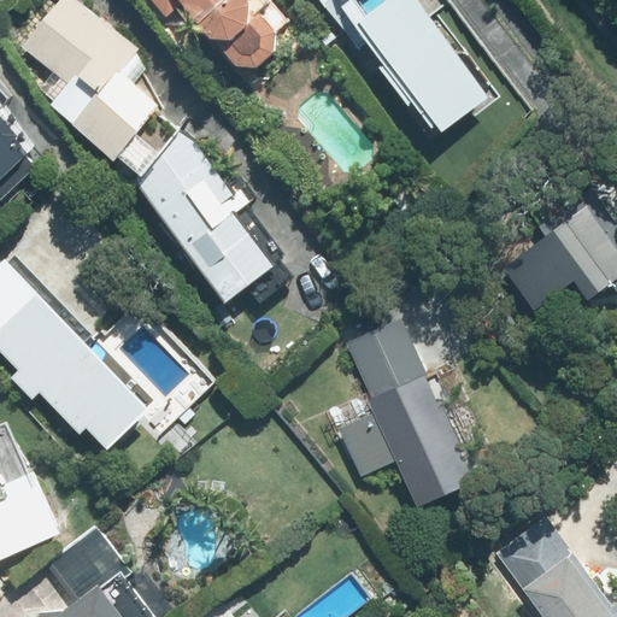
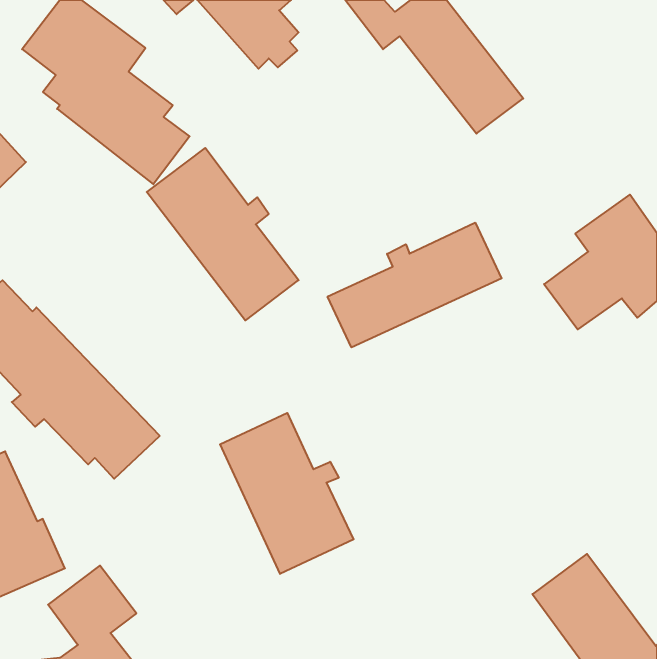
building: none -> [328,223,502,347]
building: [335,322,477,505] -> none
building: none -> [220,413,354,574]

